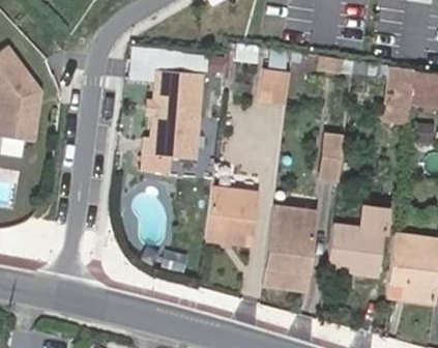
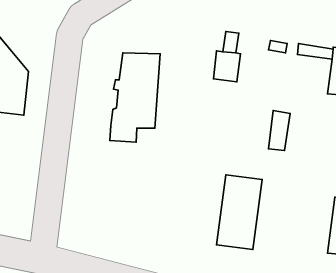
building: [207,190,255,244] -> none
building: [328,205,389,274] -> none

